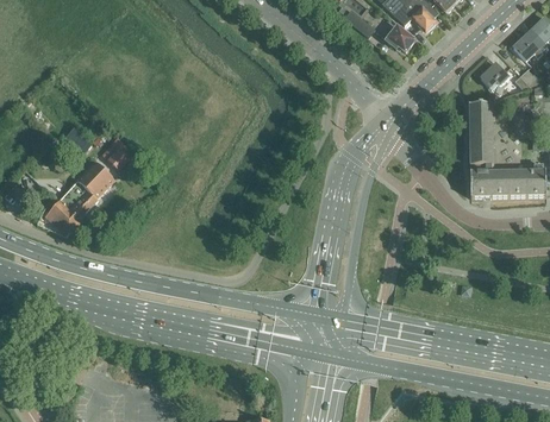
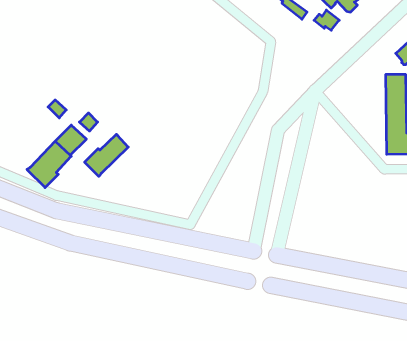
building: none -> [85,134,128,176]

